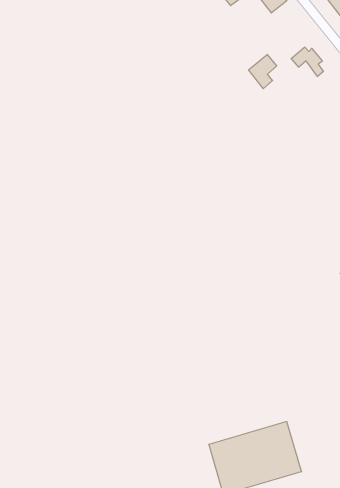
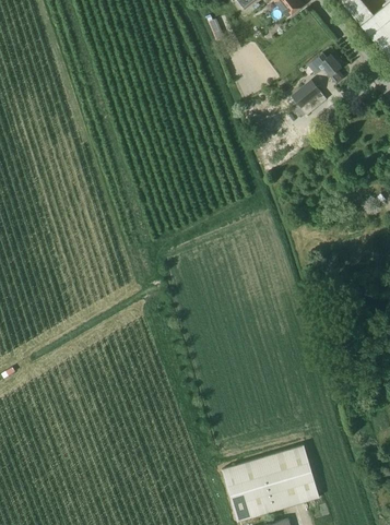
building: [249,54,277,89] -> [292,79,321,115]

